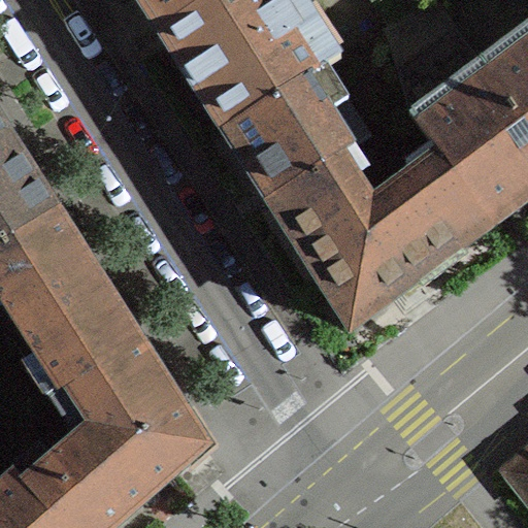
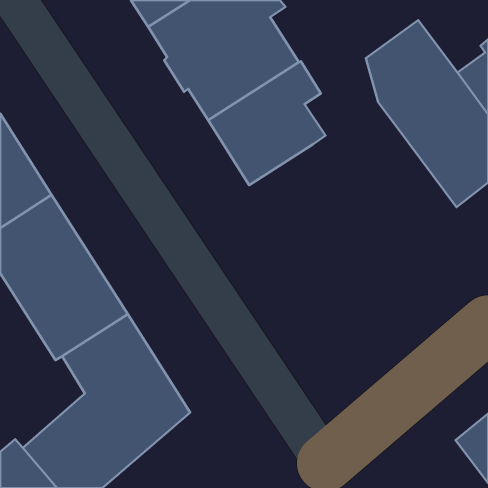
building: [269,155,493,329] -> none

